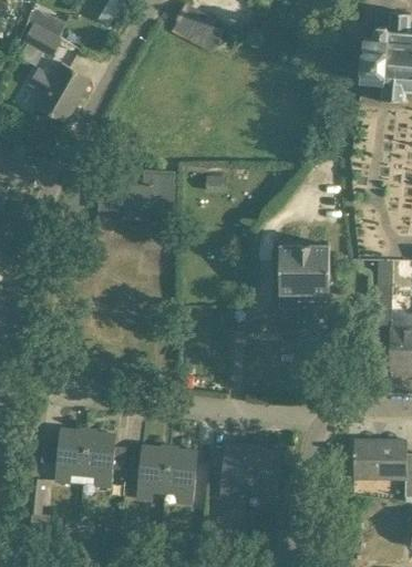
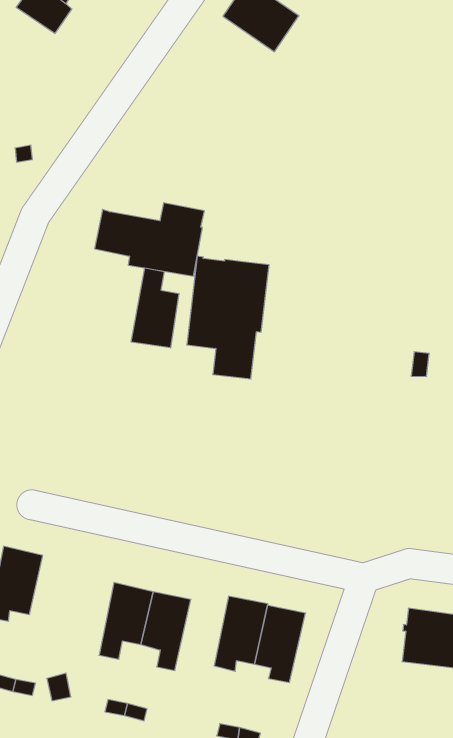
building: [29,62,90,122] -> none
building: none -> [131,268,179,348]
building: [277,244,329,327] -> [187,256,269,379]
building: [83,432,115,486] -> none

